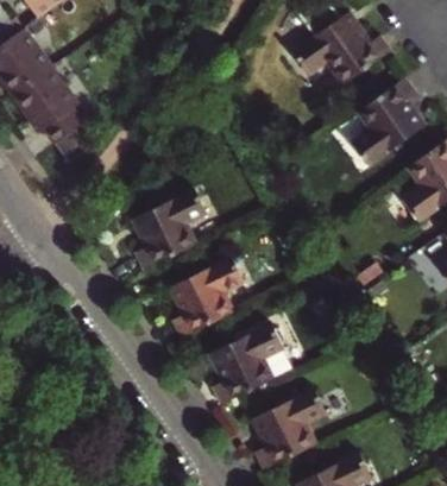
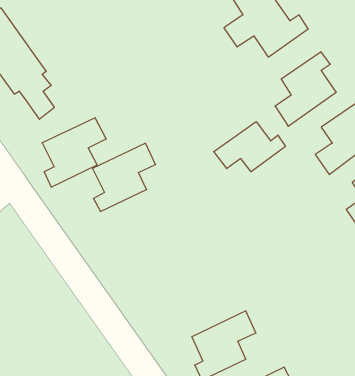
building: none -> [214,122,285,172]
building: [168,255,244,337] -> [42,118,106,187]
building: [207,322,292,404] -> none

